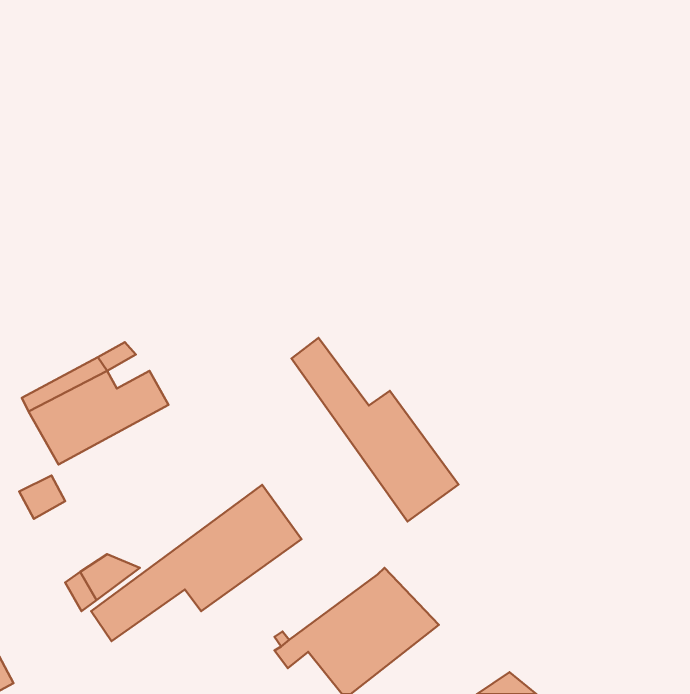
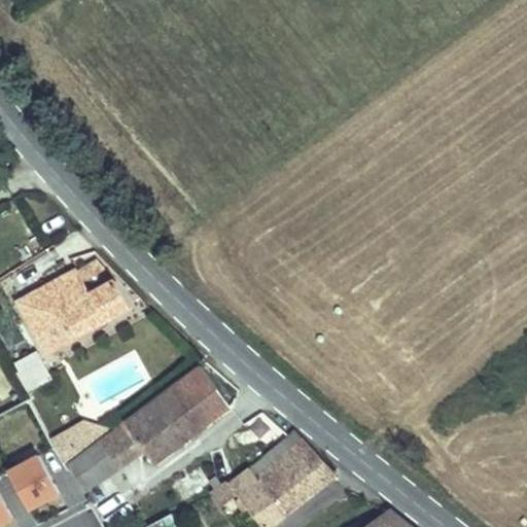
building: [292,338,458,521] -> none
building: none -> [6,456,57,510]

